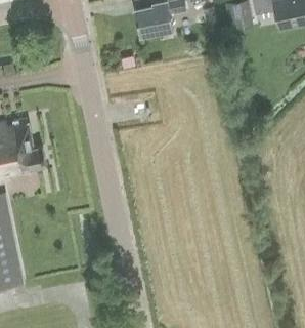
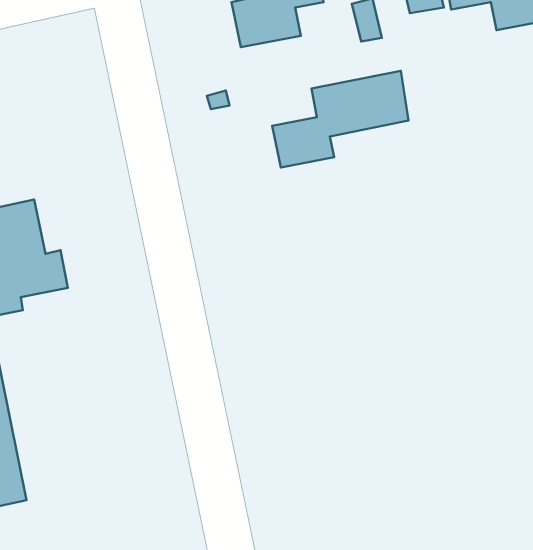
building: none -> [272,71,408,167]

